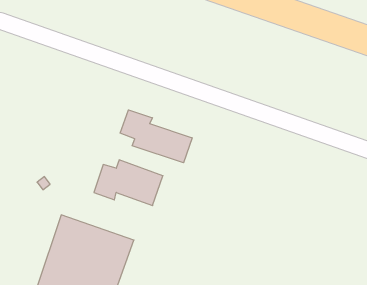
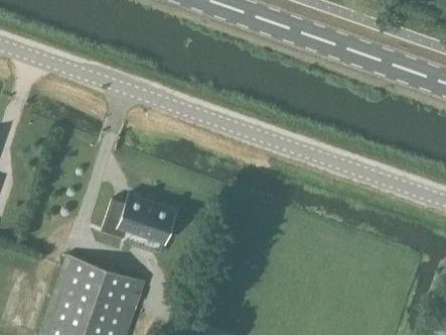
building: [120,110,192,163] -> none

